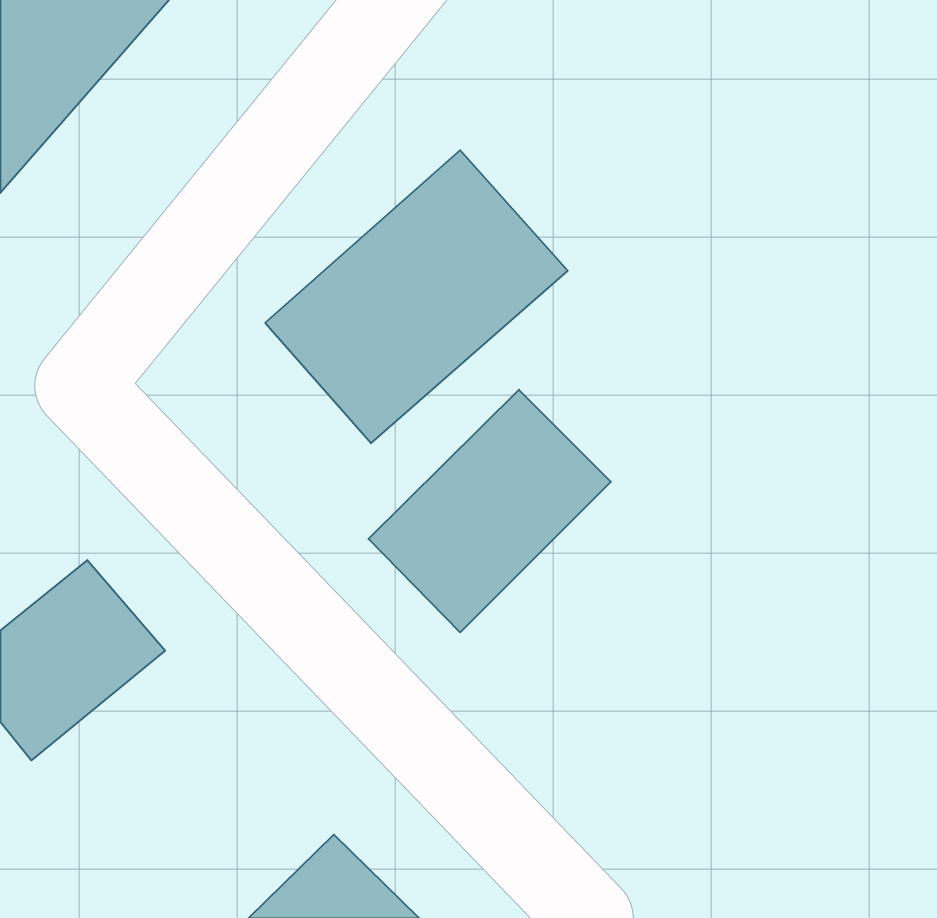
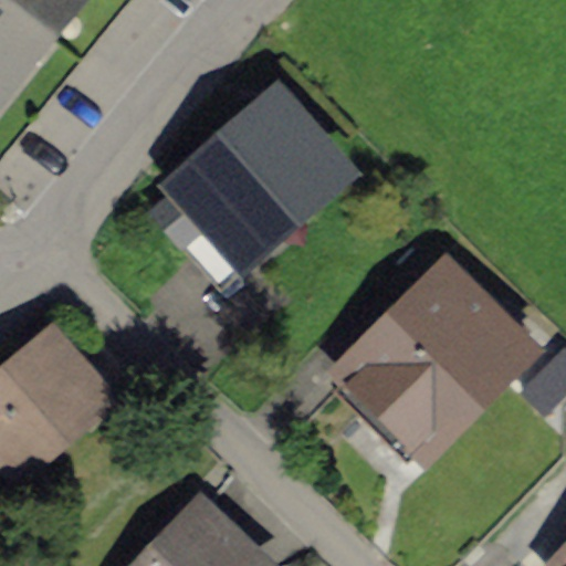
building: [368,390,611,632] -> none
building: none -> [334,259,530,454]

